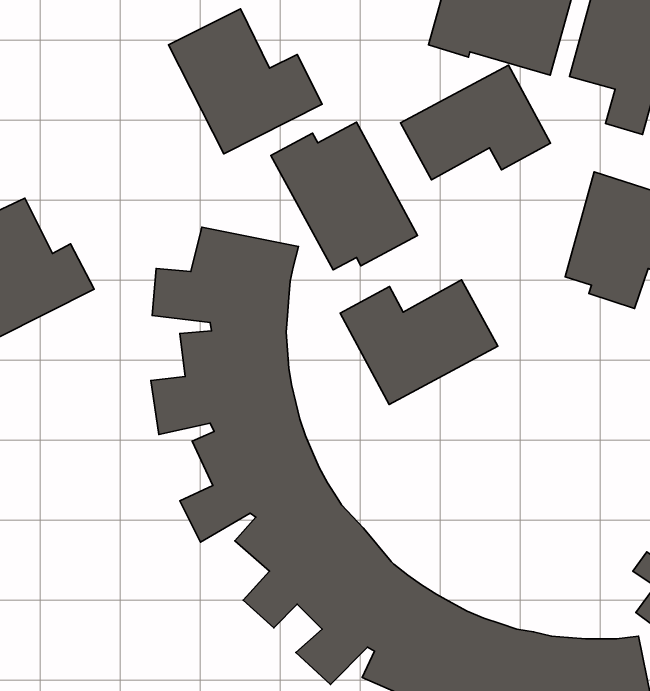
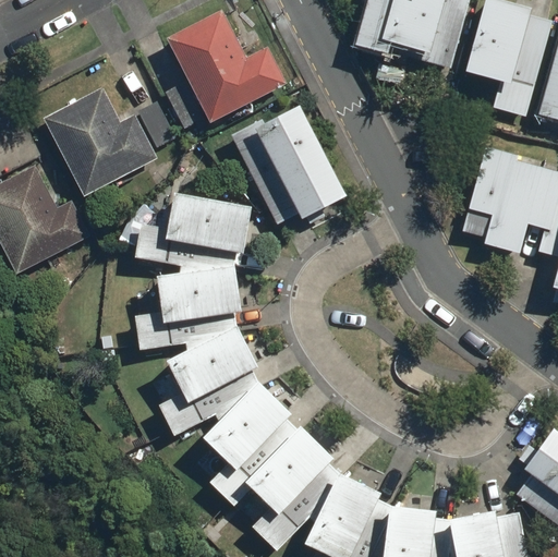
building: [401,65,550,180] -> none
building: none -> [45,90,161,202]
building: [340,280,498,404] -> none

